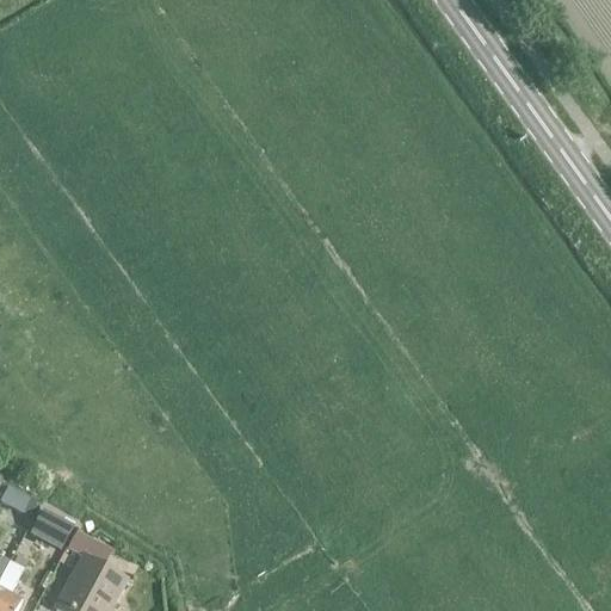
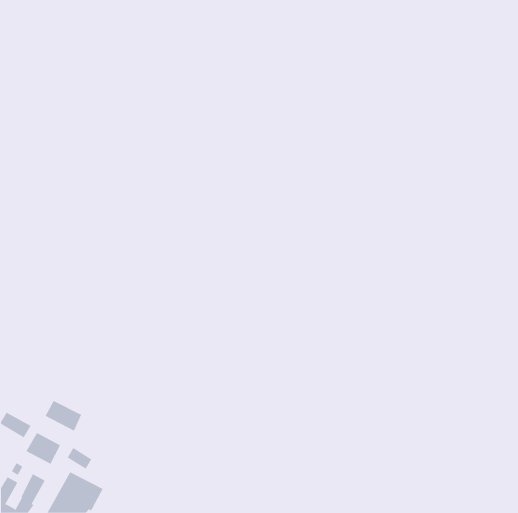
building: none -> [45,400,82,432]

